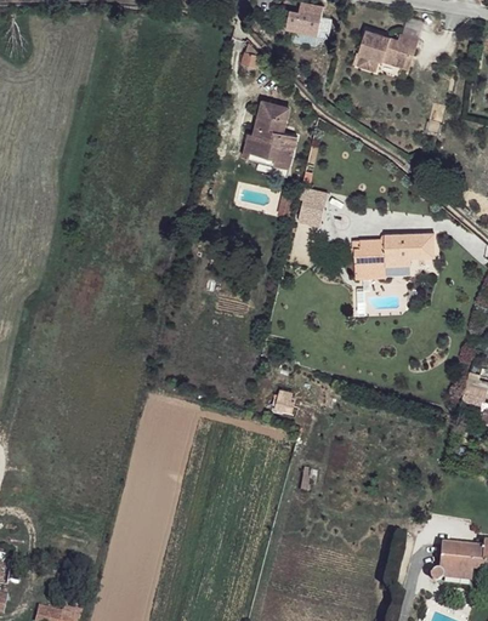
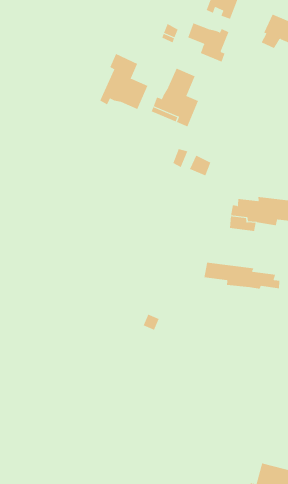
building: none -> [187,23,229,62]
building: none -> [99,53,148,110]
building: none -> [204,262,280,290]

